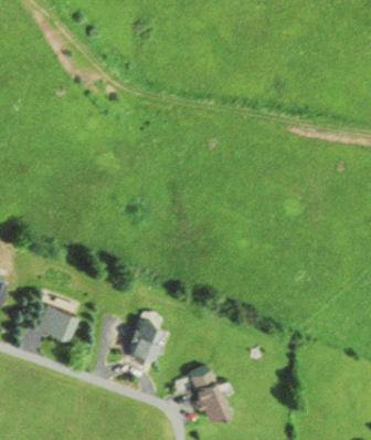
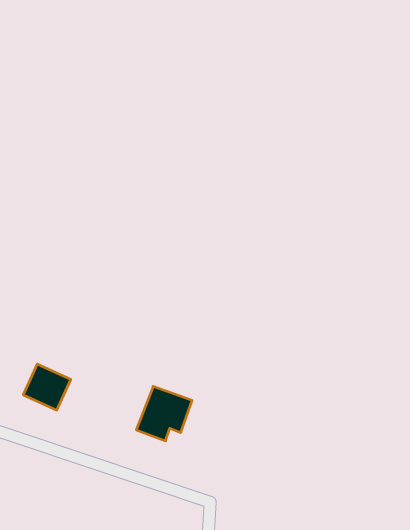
building: [192,376,226,418] -> none

